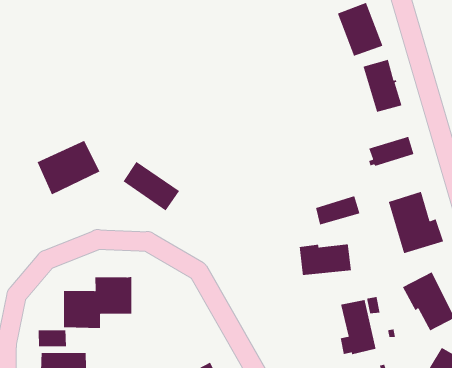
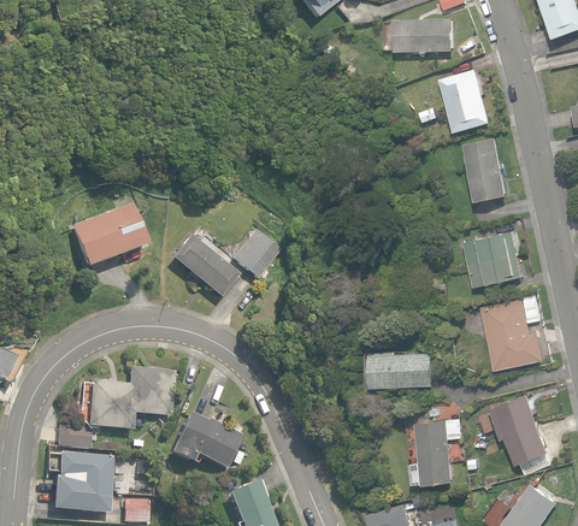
building: none -> [230,229,279,279]
building: [315,195,360,225] -> [470,254,523,286]
building: none -> [166,413,240,468]

